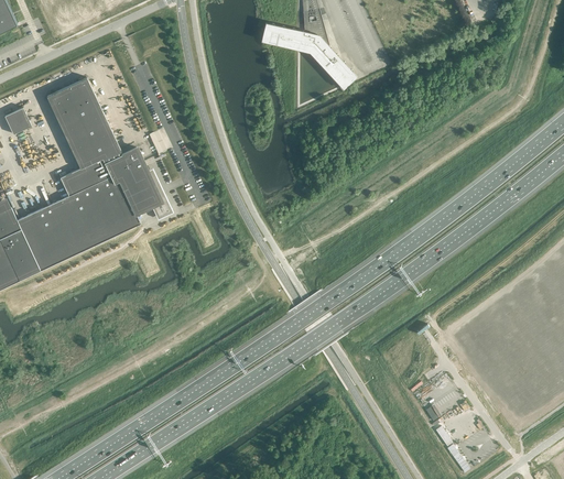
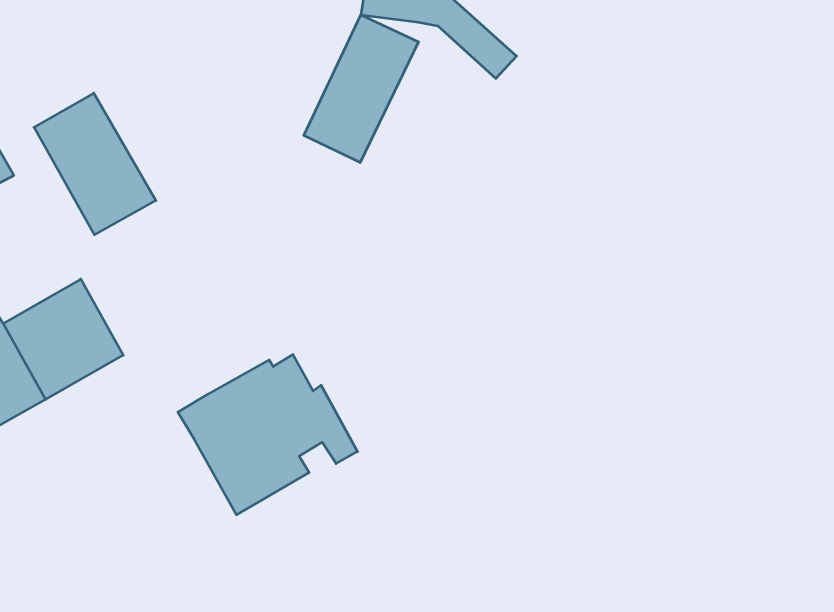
building: none -> [304,15,419,163]
building: [59,146,172,246] -> [178,355,358,515]

